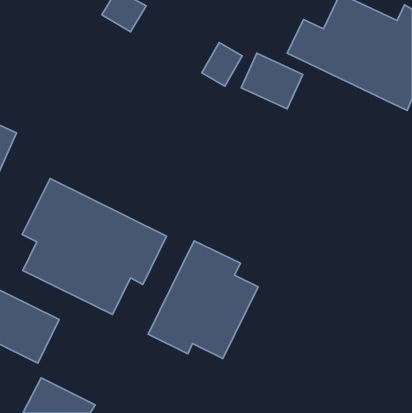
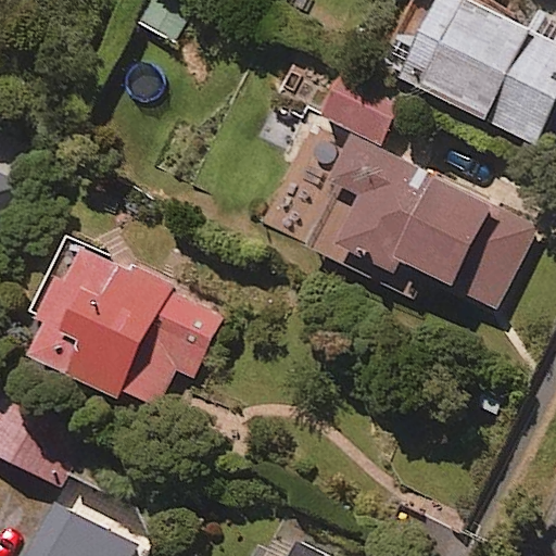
building: none -> [315,139,534,308]
building: [148,241,258,359] -> none

